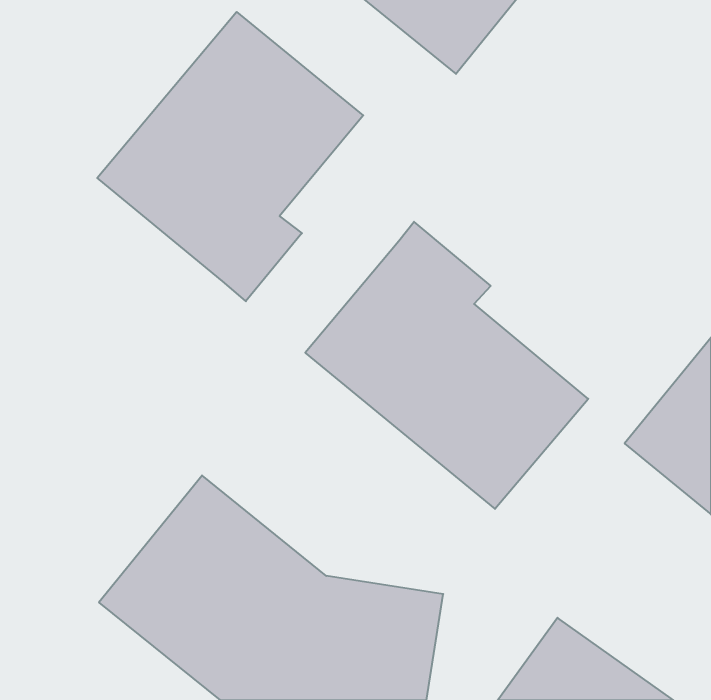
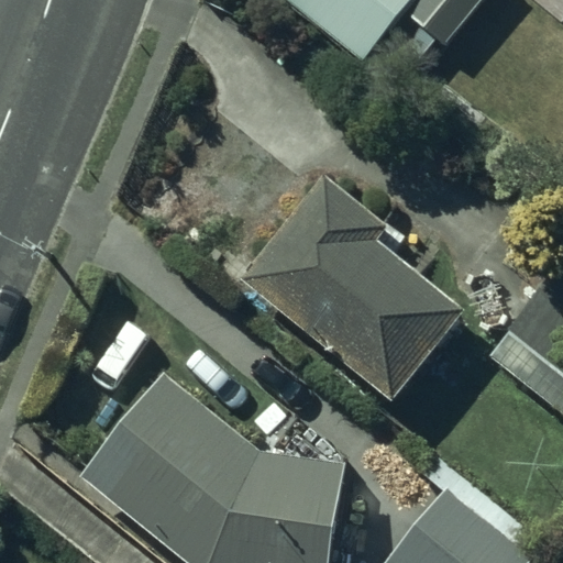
building: [97,12,363,301] -> none

